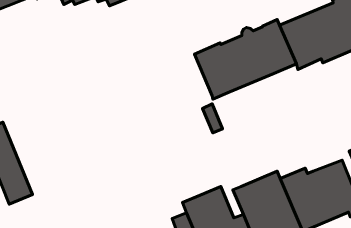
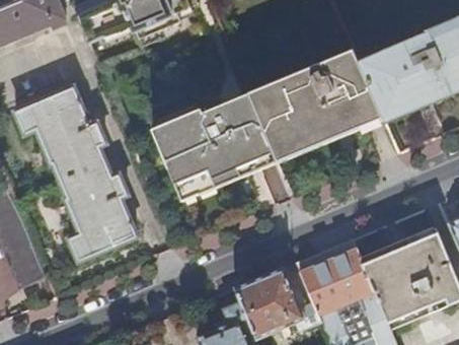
building: none -> [15,87,136,261]
building: none -> [152,93,274,192]

